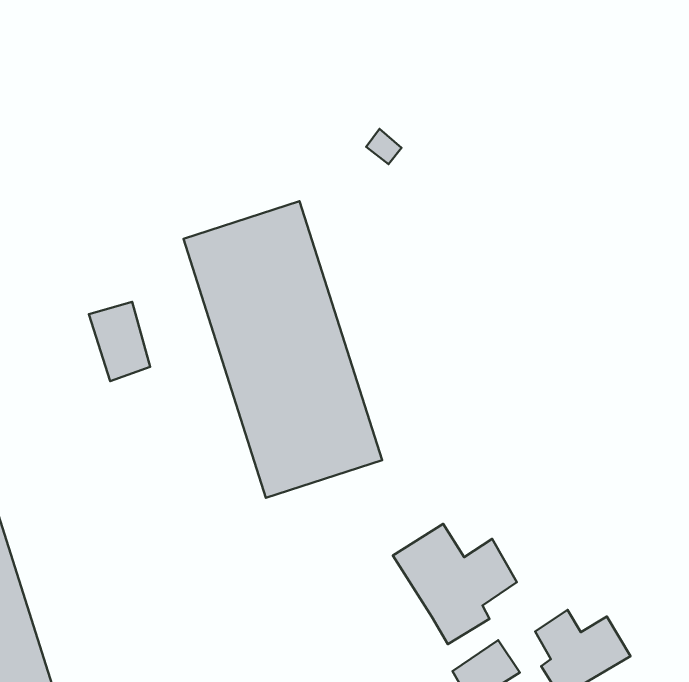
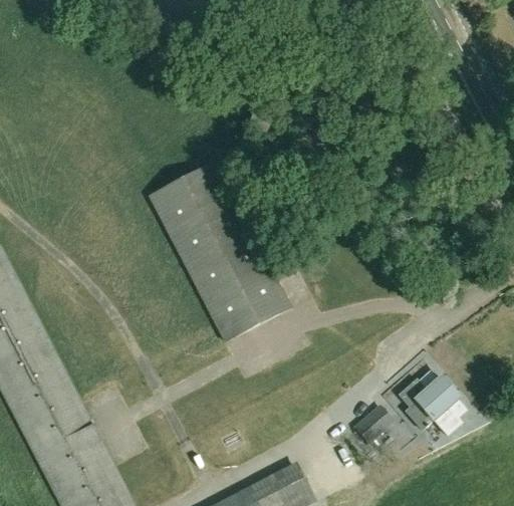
building: [89,302,150,381] -> none
building: [393,524,517,644] -> none

